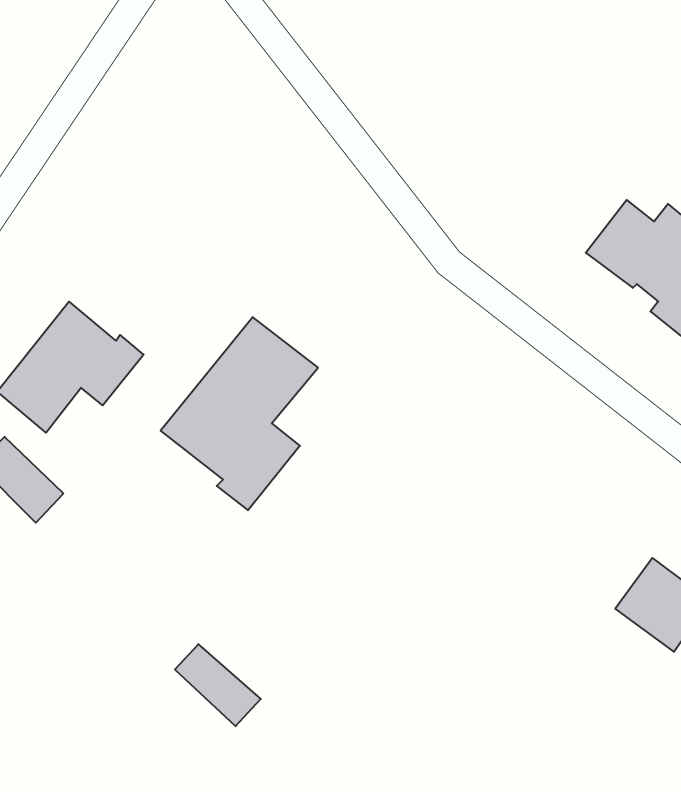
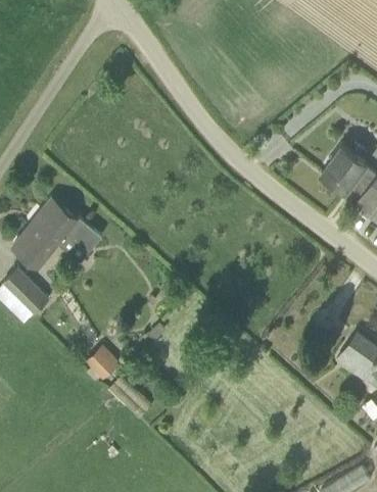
building: [161,317,318,510] -> none
building: none -> [87,345,124,382]

